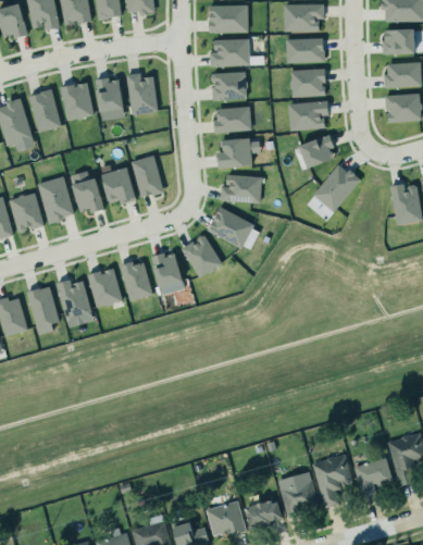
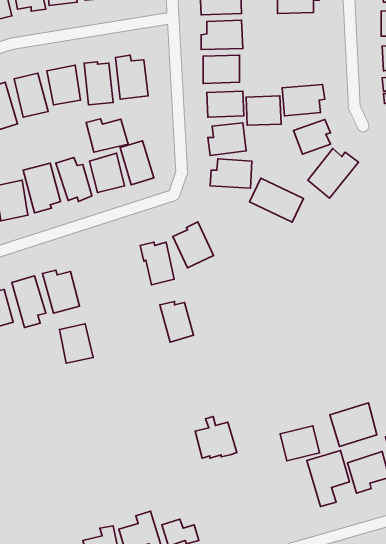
building: [286,38,325,63] -> none
building: [291,69,325,97] -> [246,96,281,125]
building: none -> [86,119,128,152]
building: [209,208,261,250] -> [249,178,303,222]
building: [120,261,152,300] -> [160,302,194,342]
building: [89,269,122,307] -> [59,324,93,363]
building: none -> [330,403,377,446]
building: [281,480,319,513] -> [280,426,320,461]
building: [245,492,281,528] -> none
building: [206,494,246,534] -> [195,416,237,458]

